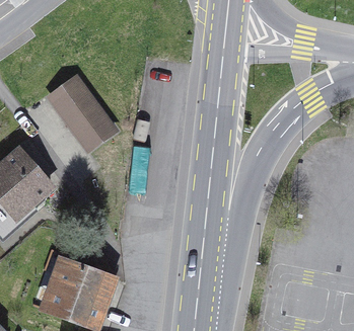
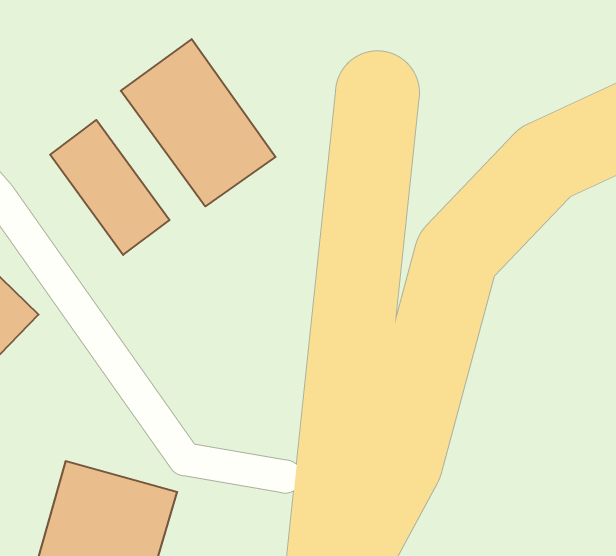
building: none -> [121,39,276,206]

